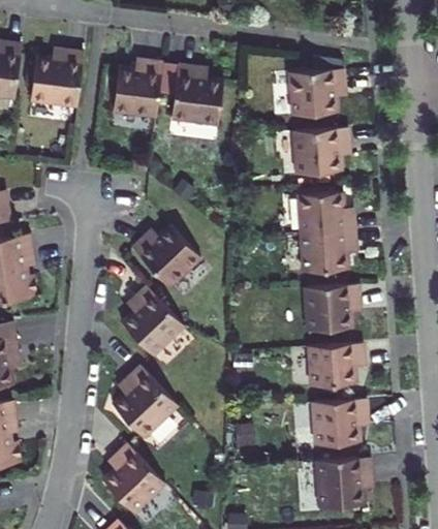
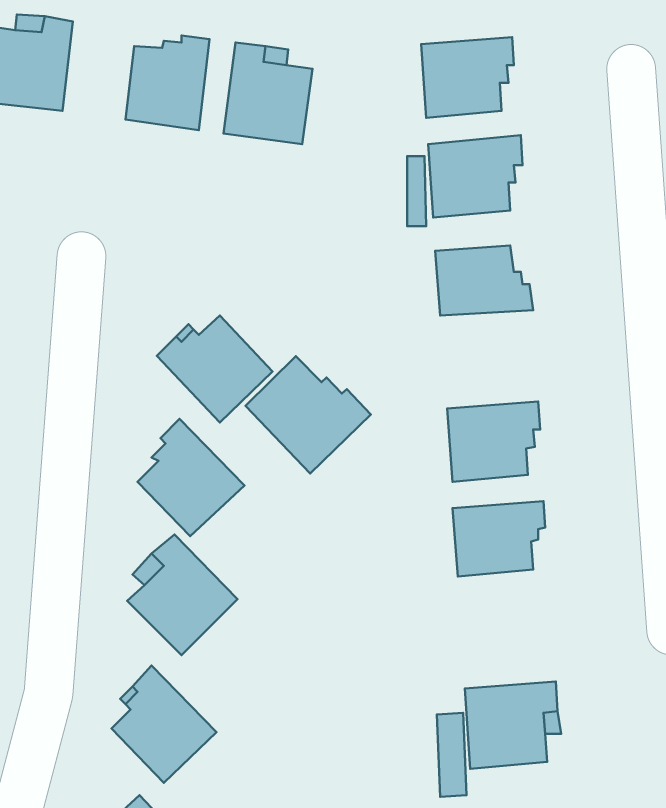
building: [300,228,355,271] -> none
building: none -> [245,356,371,474]
building: [309,390,365,436] -> none

